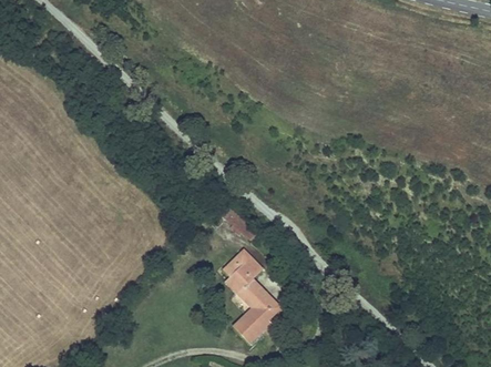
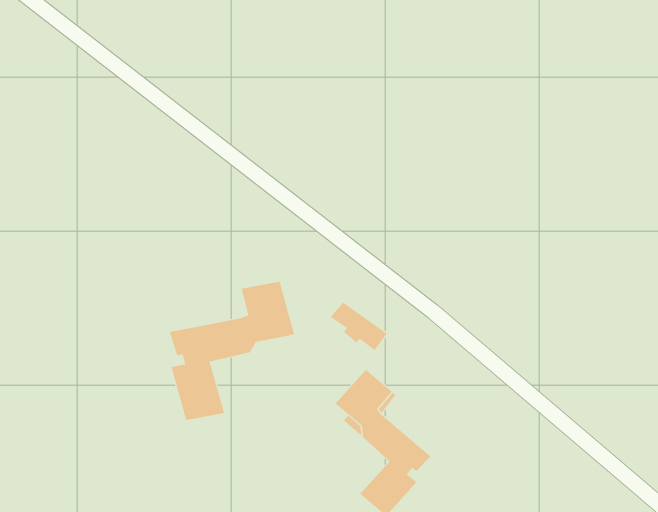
building: none -> [169,281,295,421]

